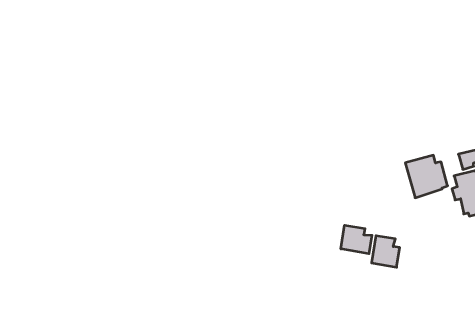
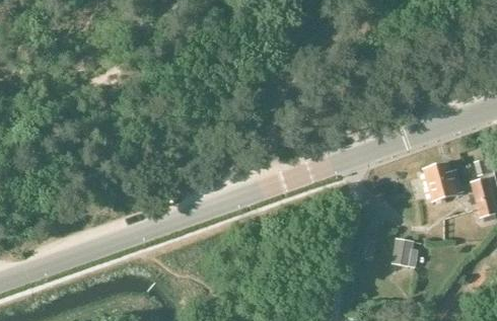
building: [341,225,372,254] -> none

